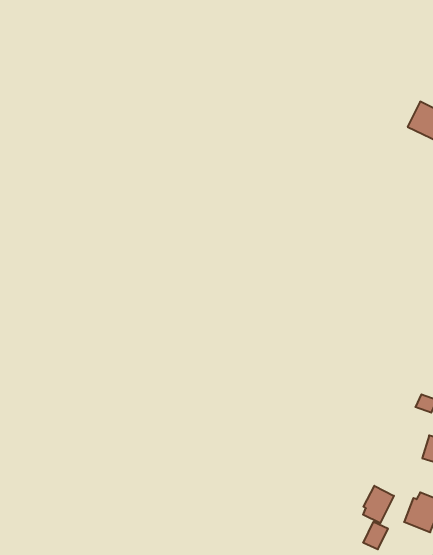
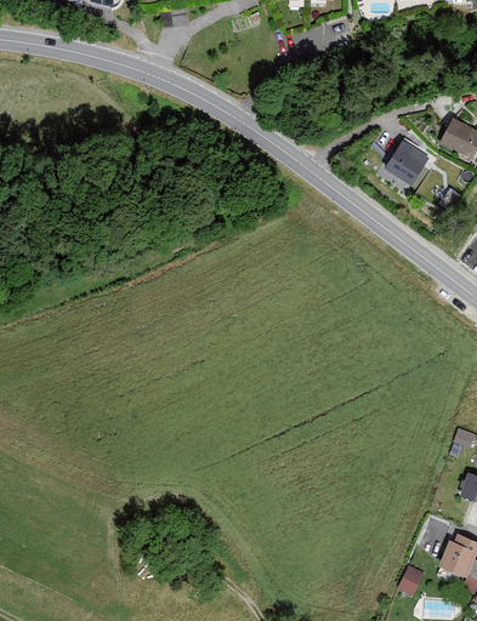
building: none -> [390,142,432,183]
building: [363,486,394,523] -> none

